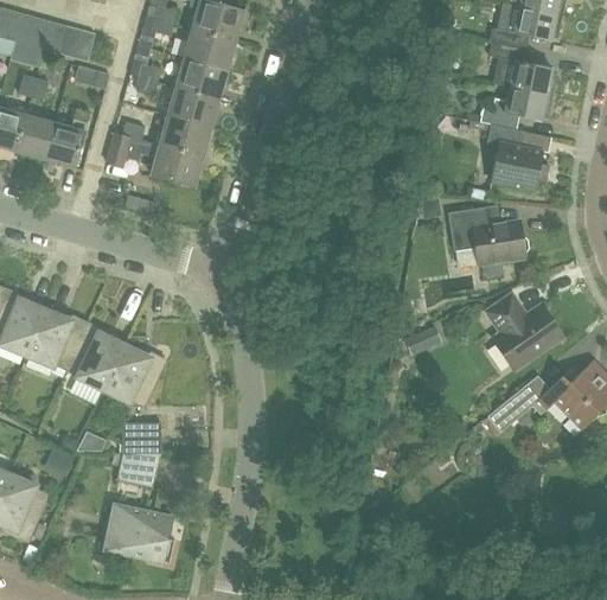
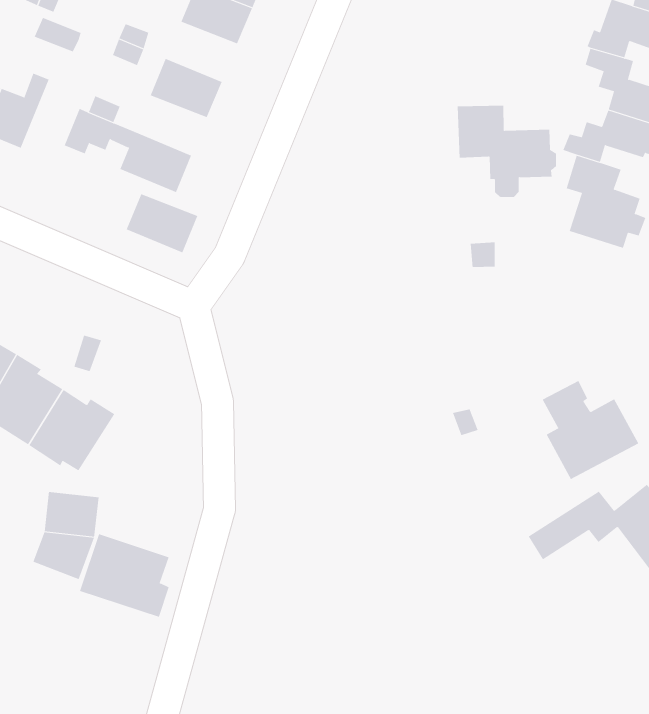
building: [173,57,226,98] -> none
building: [156,115,210,157] -> [126,194,198,253]
building: [448,206,529,276] -> [457,105,557,198]
building: [107,504,174,562] -> [79,533,170,618]

